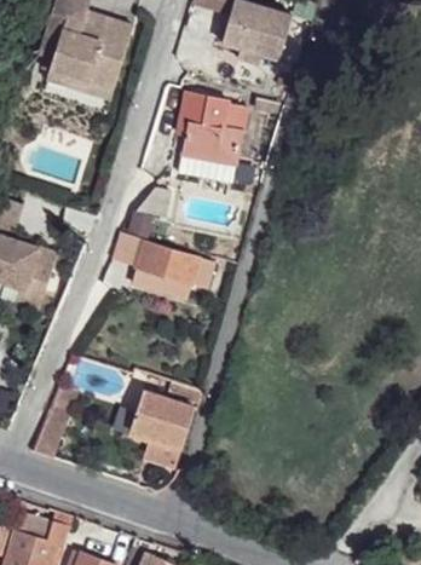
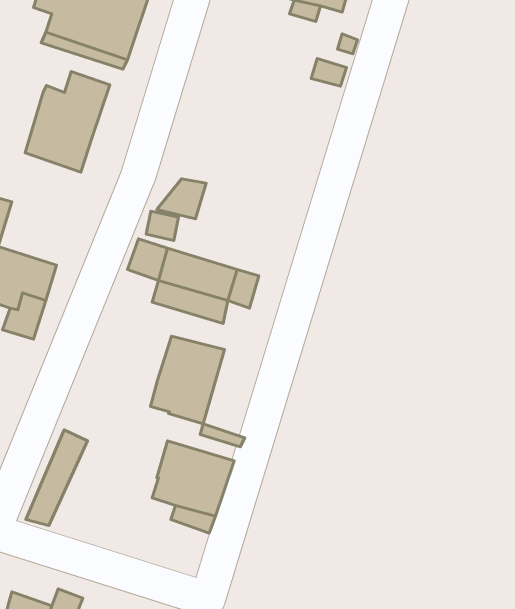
building: [177,92,248,191] -> none
building: none -> [25,71,110,172]
building: none -> [151,336,225,424]

